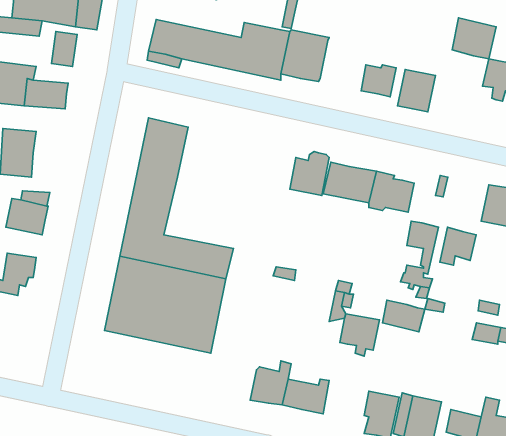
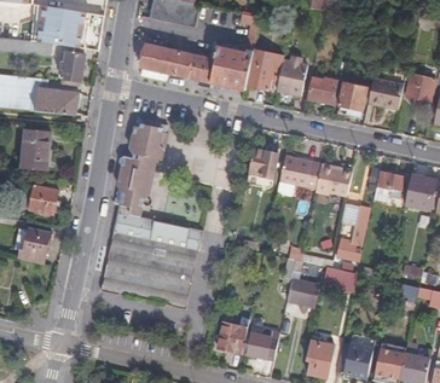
building: [452,18,496,59] -> [367,77,403,110]
building: none -> [276,59,307,95]
building: [440,227,476,265] -> [377,172,406,202]

